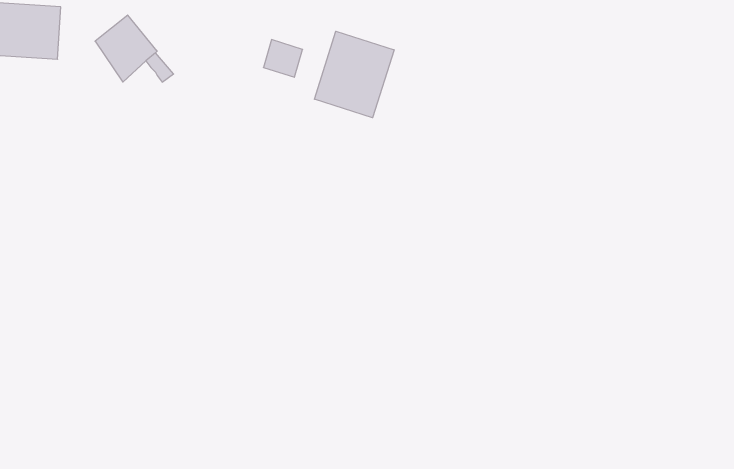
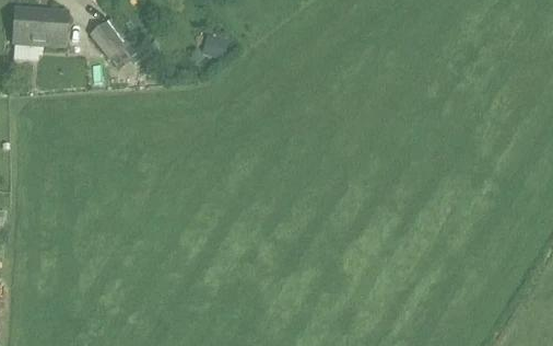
building: [314,31,394,118] -> none

